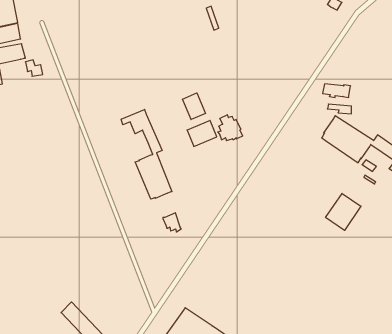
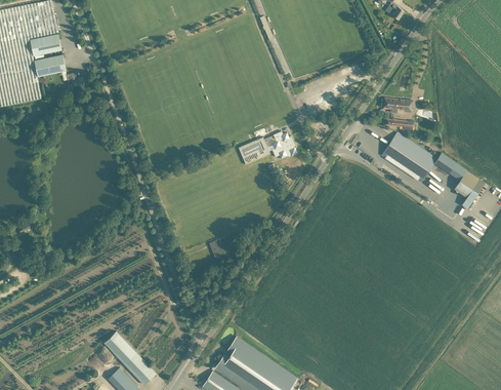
building: [183,93,206,120] -> none
building: [121,109,172,199] -> none
building: [326,193,361,230] -> none

